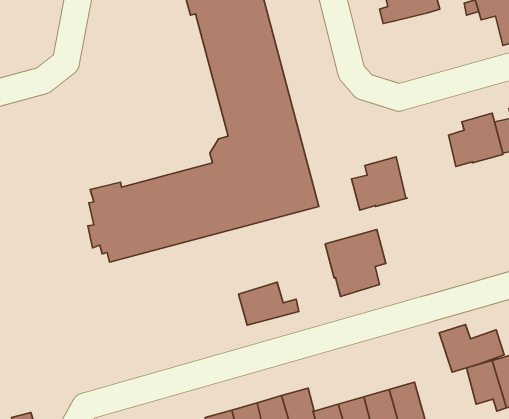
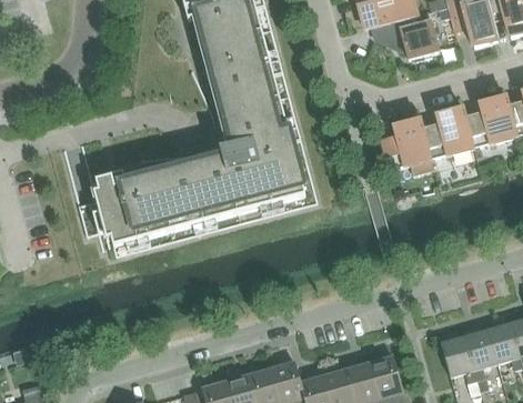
building: none -> [374,10,439,59]
building: [351,157,407,210] -> [381,120,432,169]
building: [325,230,386,296] -> none
building: [238,282,299,325] -> none
building: [439,325,504,372] -> none

